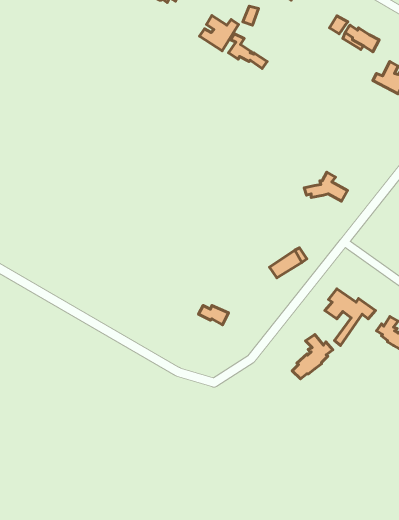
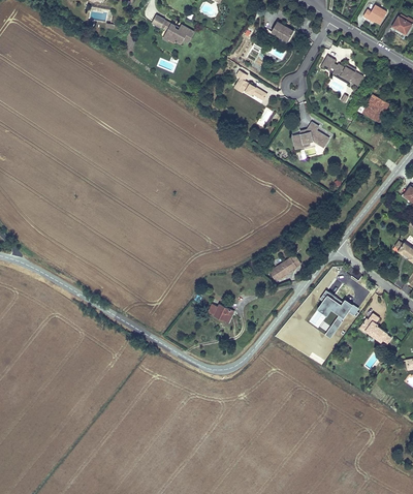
building: [200,15,239,51] -> none
building: [304,172,347,201] -> [291,122,328,147]
building: [292,334,333,379] -> none

